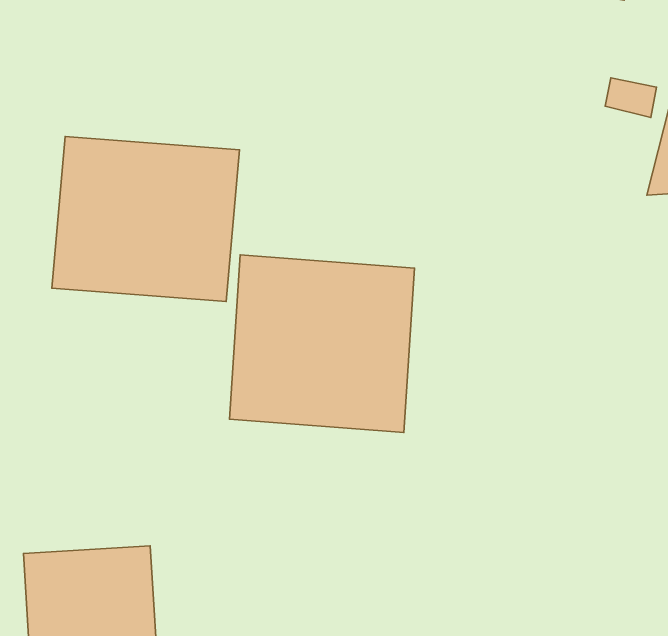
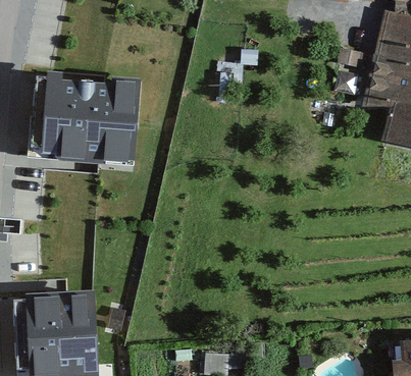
building: [230,255,415,432] -> none

